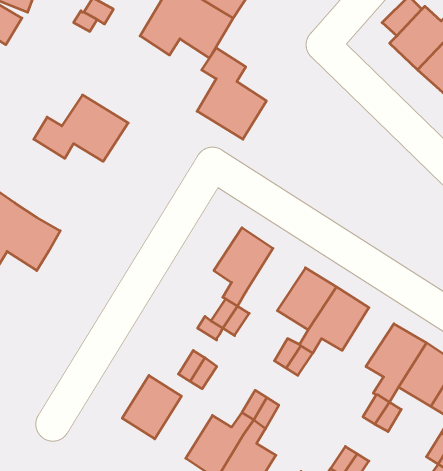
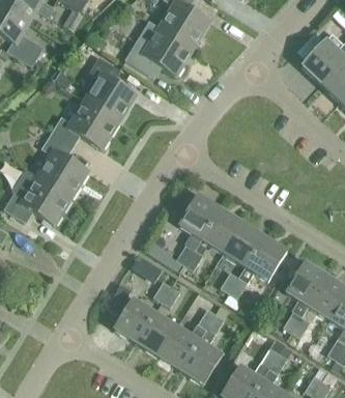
building: [197,48,266,139] -> [86,56,135,120]
building: none -> [38,132,87,196]
building: none -> [201,208,242,252]
building: none -> [137,312,177,356]

